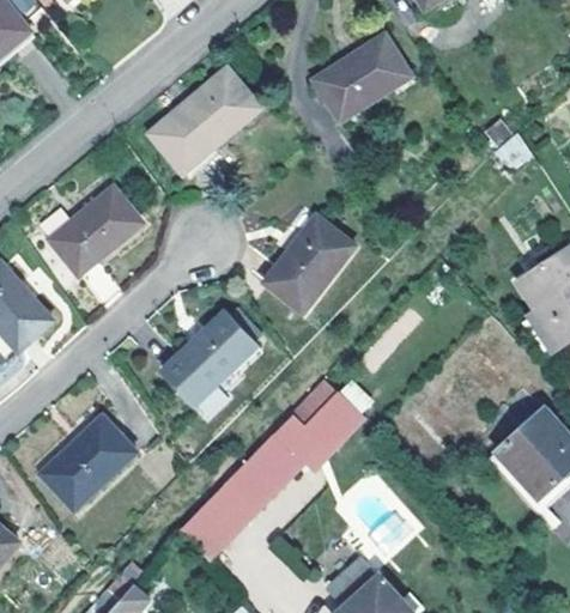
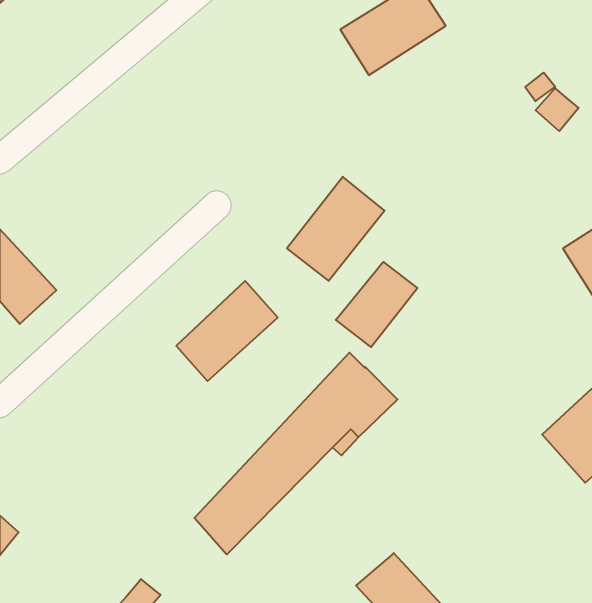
building: [151,67,260,170] -> none
building: [50,187,144,275] -> none
building: none -> [336,262,417,347]
building: [42,415,135,509] -> none

